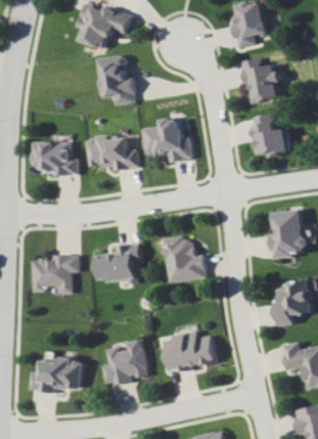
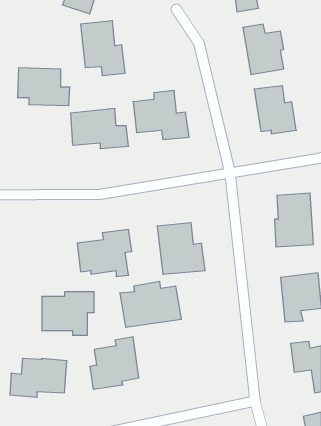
building: [30,141,77,175] -> [17,68,70,106]
building: [30,255,77,294] -> [42,292,94,335]
building: [162,331,217,371] -> [120,282,181,327]

